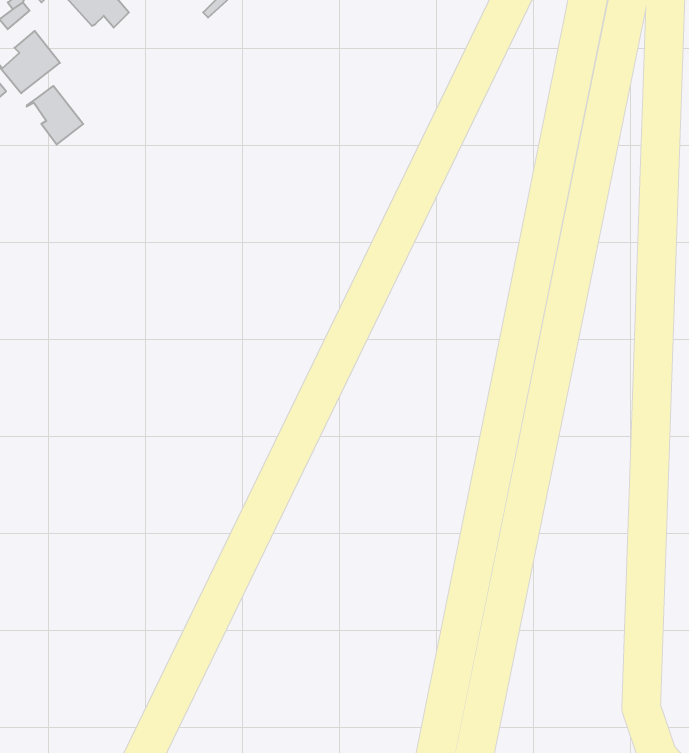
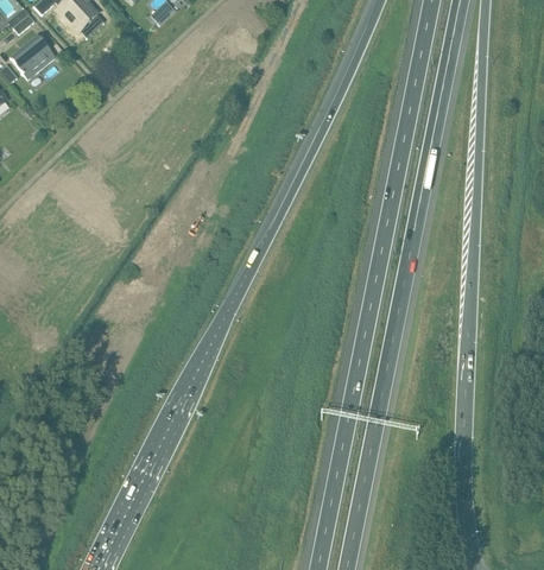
building: [27,86,83,145] -> none

